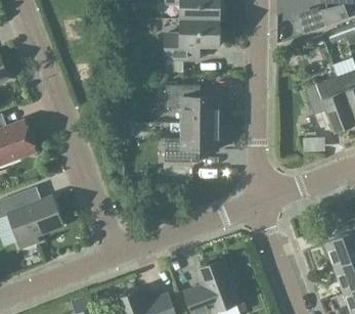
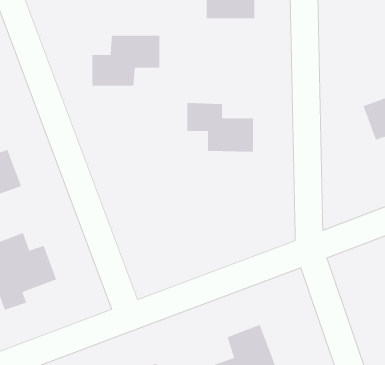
building: [165,18,219,59] -> [92,35,160,87]
building: [165,123,218,162] -> none

